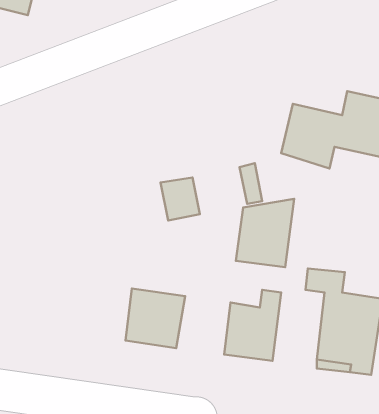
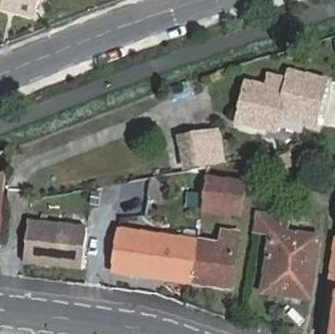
building: [161,177,200,220] -> [177,133,208,168]
building: none -> [23,220,83,266]
building: none -> [151,236,195,282]

